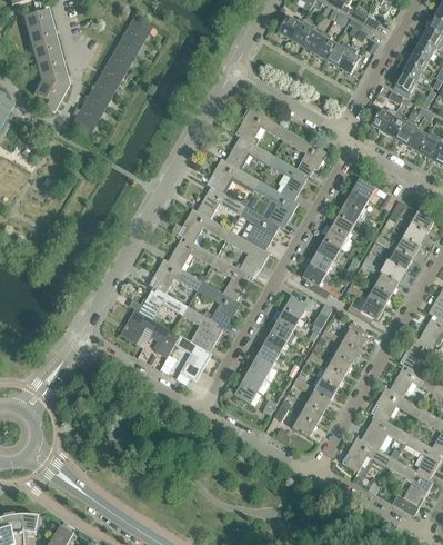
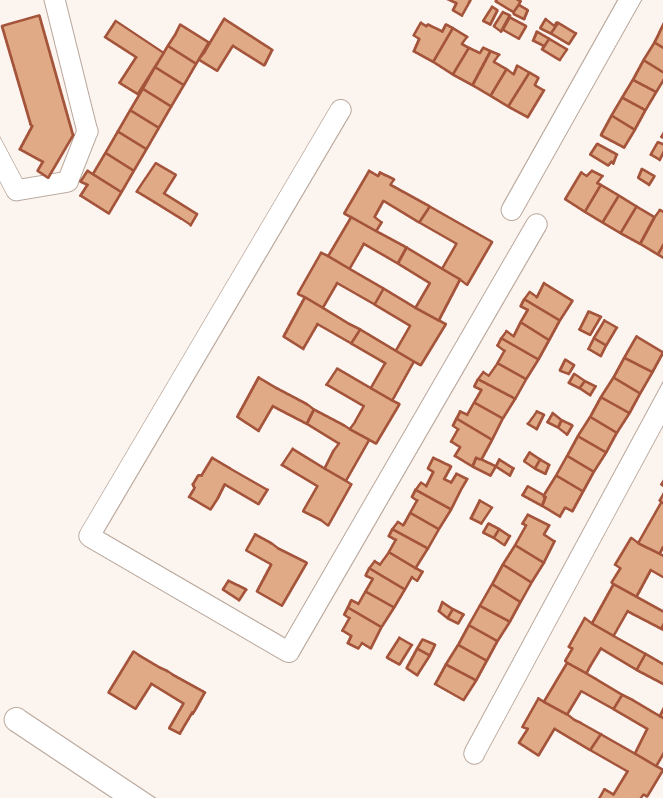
building: none -> [199,19,272,71]
building: none -> [105,21,164,94]
building: none -> [137,163,197,225]
building: [171,208,231,242] -> none
building: [149,258,203,293] -> none
building: [182,306,221,349] -> none
building: [120,308,180,359] -> [109,652,205,734]

